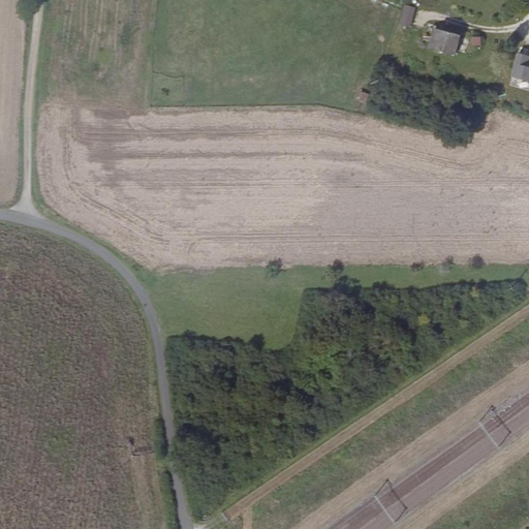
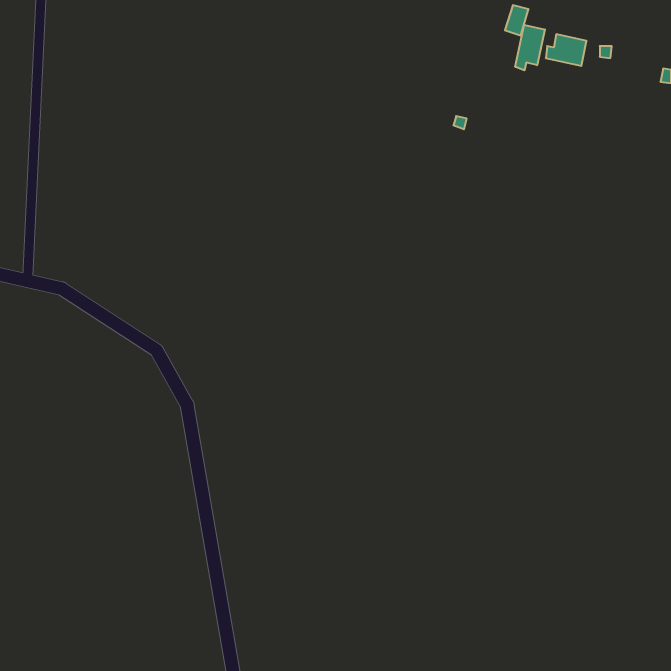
building: none -> [515,25,545,70]

